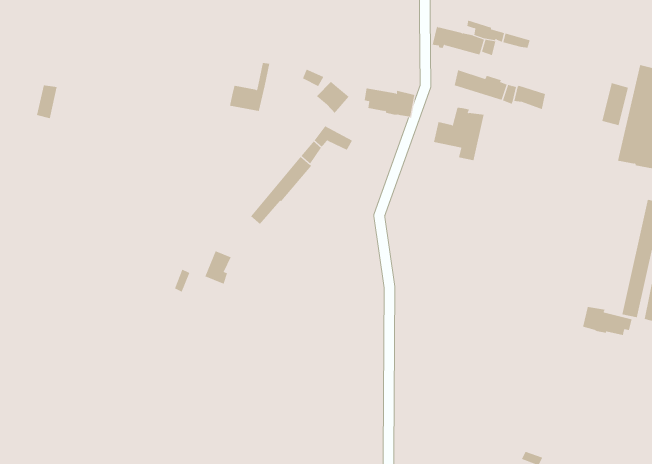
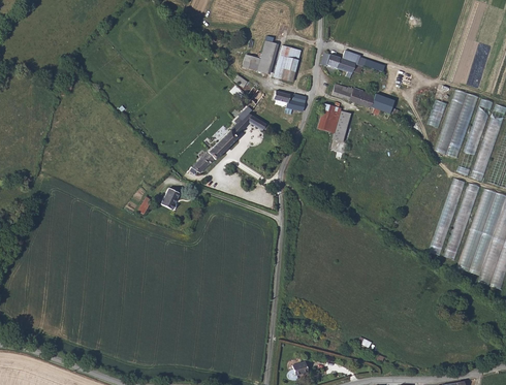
building: none -> [273,44,302,81]
building: [229,62,270,111] -> [246,43,275,75]
building: [583,306,632,336] -> none

